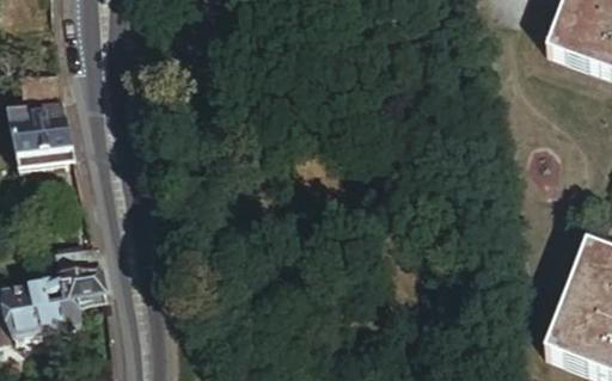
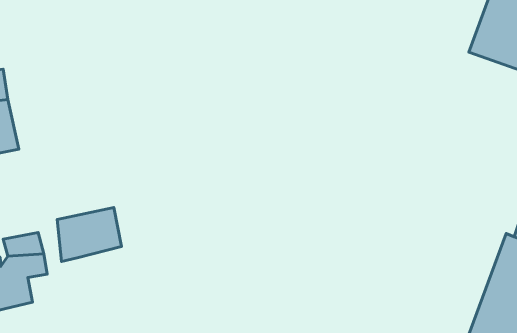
building: none -> [57,207,121,261]

